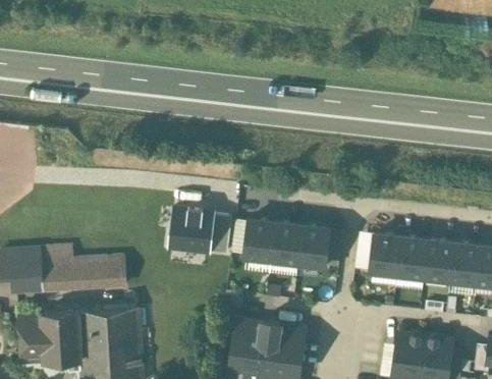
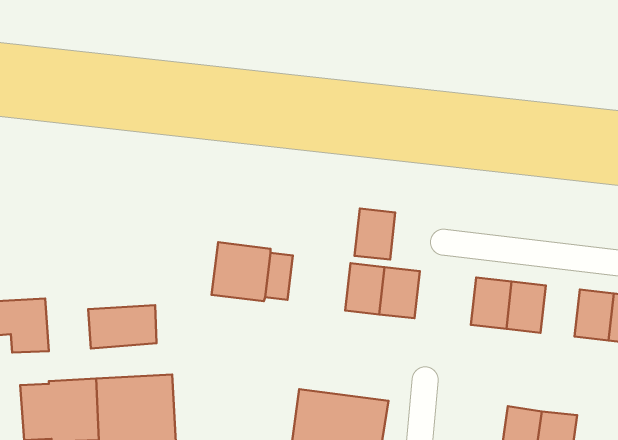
building: [243,220,275,260] -> [355,208,395,260]
building: [423,240,453,280] -> none
building: [38,249,73,291] -> none

